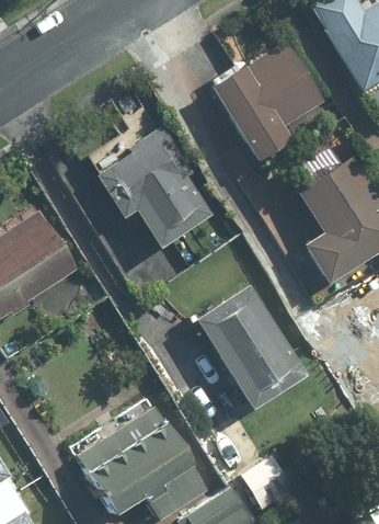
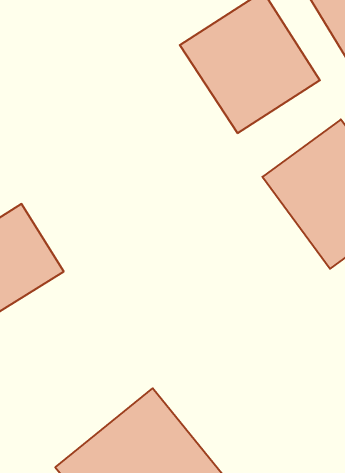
building: [102,133,216,259] -> none
building: [196,283,312,412] -> none

